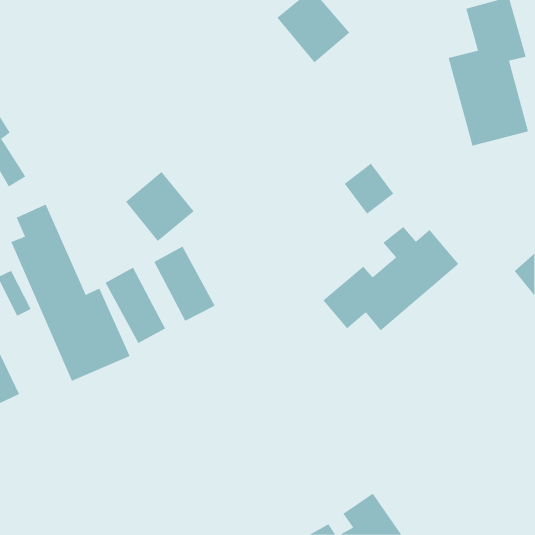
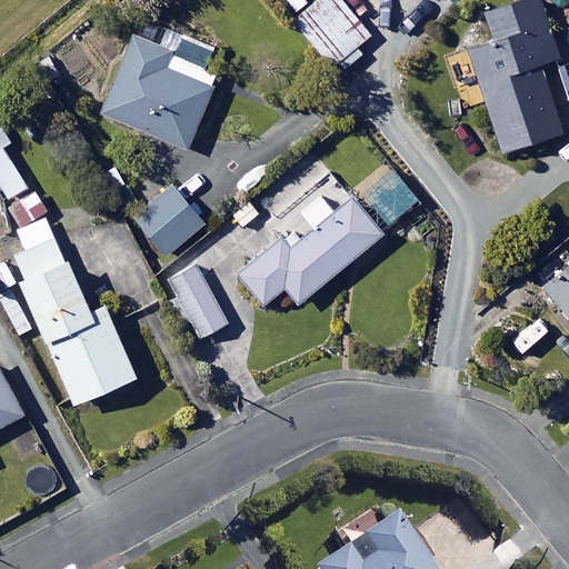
building: none -> [102,33,229,149]
building: [323,226,459,331] -> [238,194,382,306]
building: [105,267,166,344] -> none

